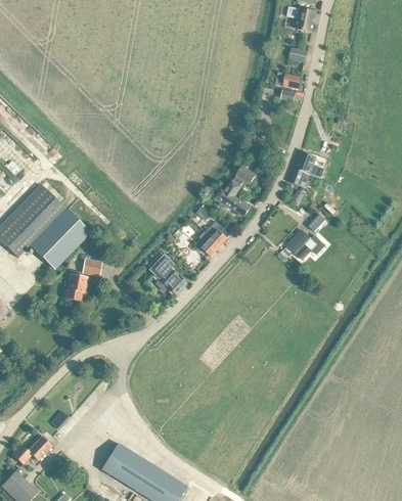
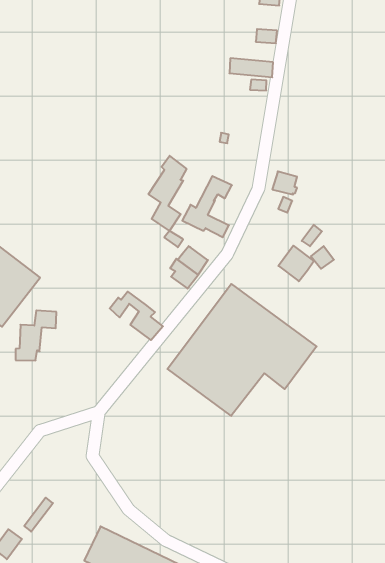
building: none -> [149,156,186,231]
building: [296,152,325,178] -> none
building: none -> [167,284,317,416]

